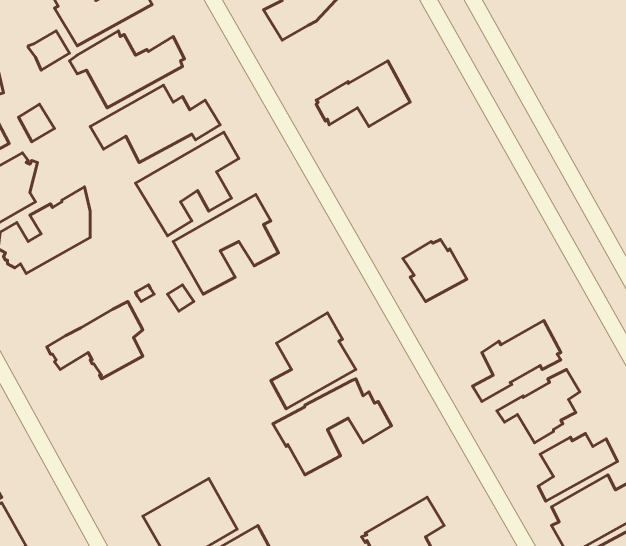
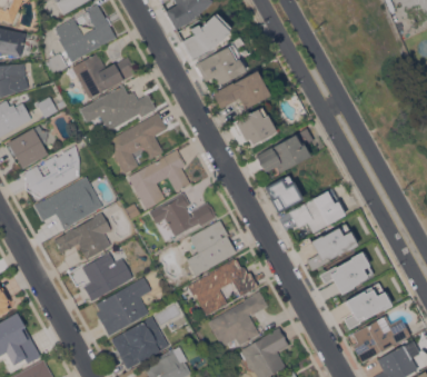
building: none -> [195,44,244,86]
building: none -> [227,108,274,147]
building: none -> [255,129,312,173]
building: none -> [34,178,102,230]
building: none -> [288,189,345,234]
building: none -> [149,194,216,239]
building: none -> [81,256,132,301]
building: none -> [96,278,151,336]
building: none -> [208,292,268,347]

